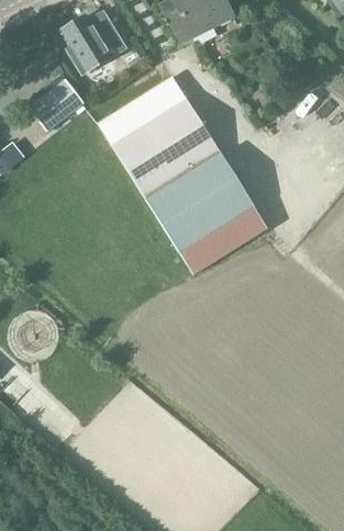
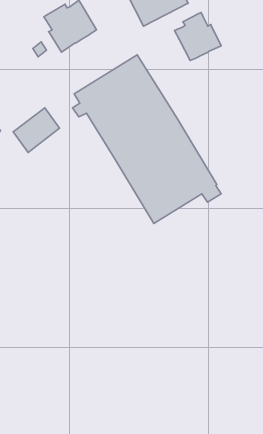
building: none -> [175,13,221,61]
building: [30,78,85,131] -> [13,108,60,152]

